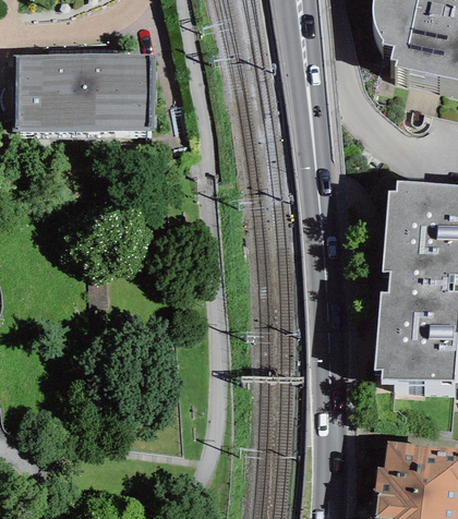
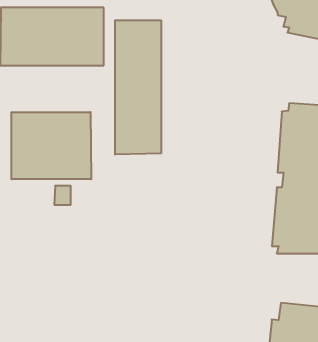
building: none -> [115,20,161,155]
building: none -> [12,112,91,179]

